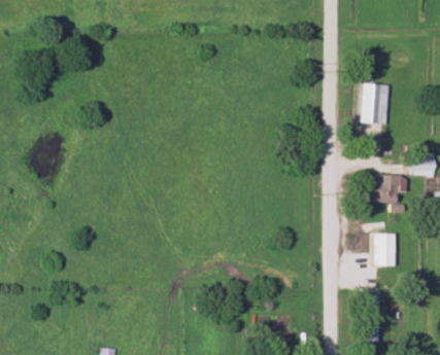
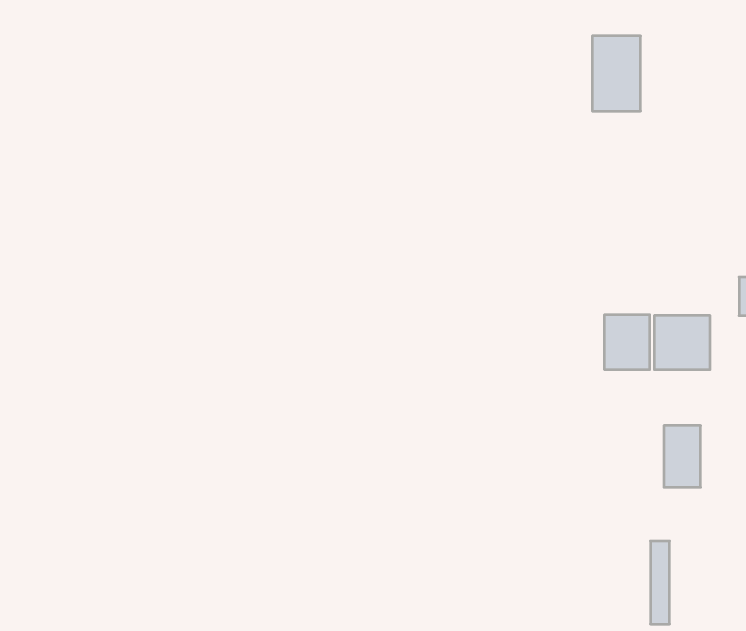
building: [363,83,388,123] -> [592,36,641,111]
building: none -> [605,315,650,370]

